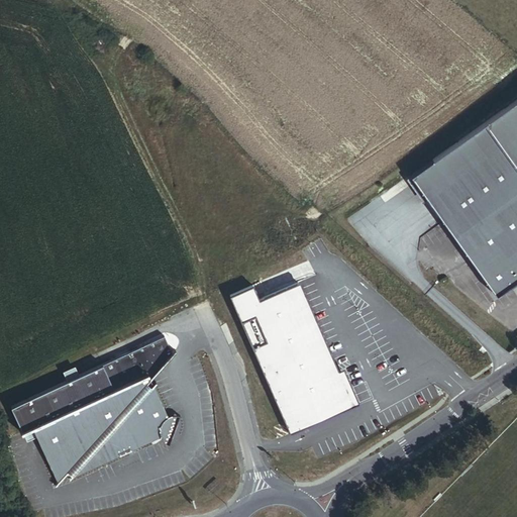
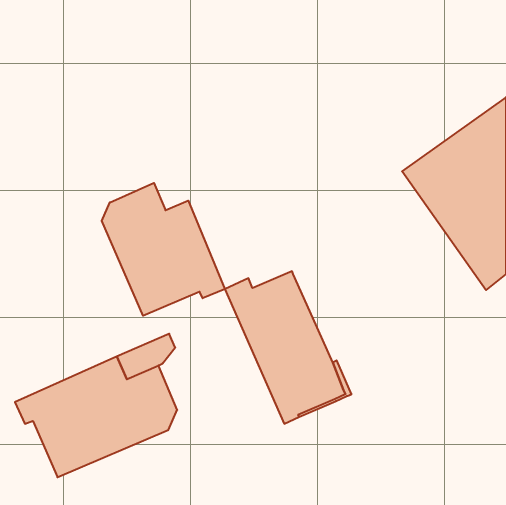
building: none -> [102,183,225,316]

